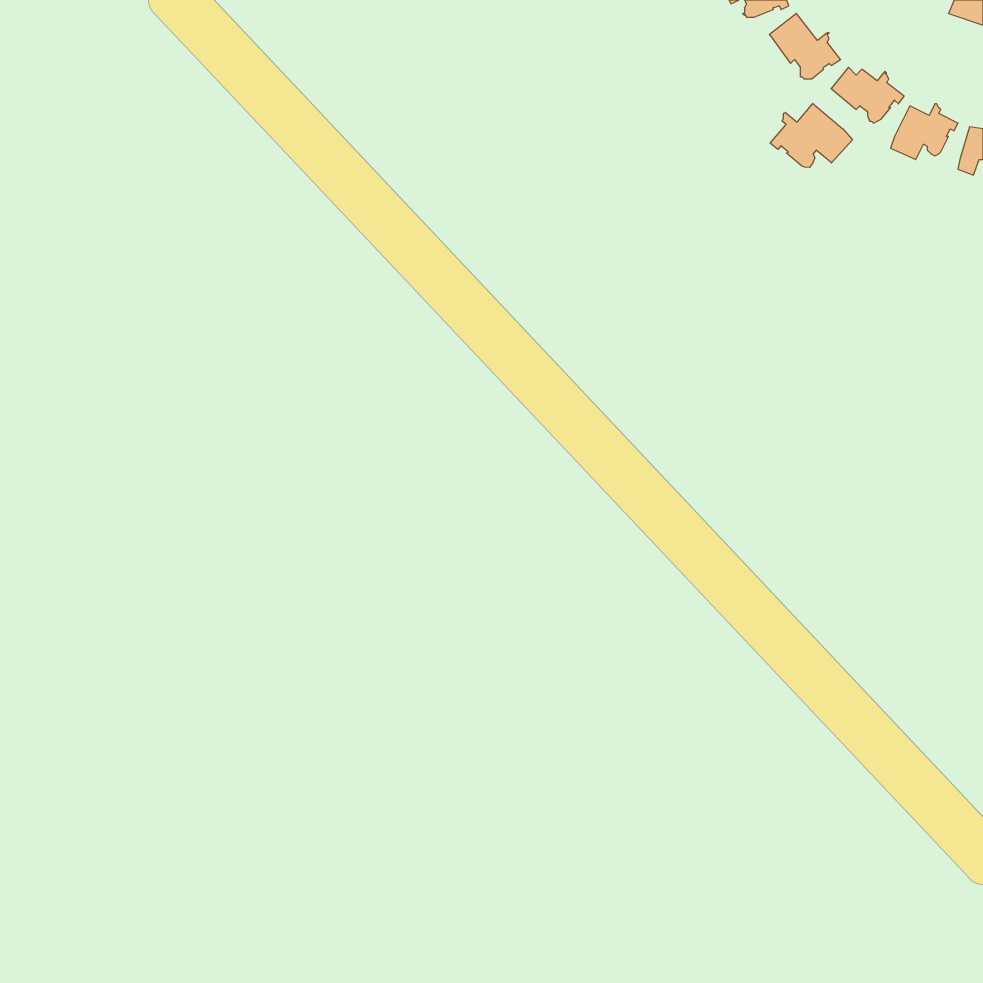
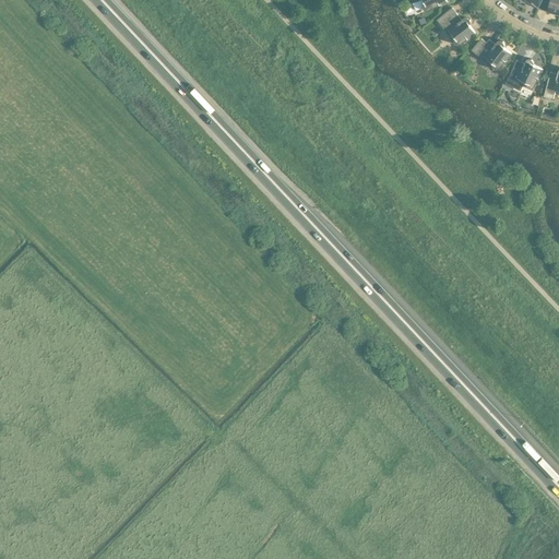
building: [770,103,852,167] -> none

